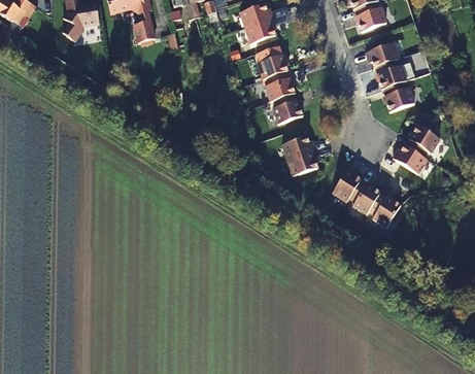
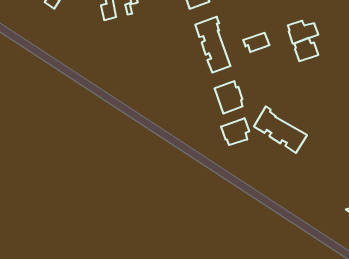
building: [365,40,399,65] -> [243,33,270,52]
building: [392,126,438,174] -> none
building: none -> [221,118,249,145]

